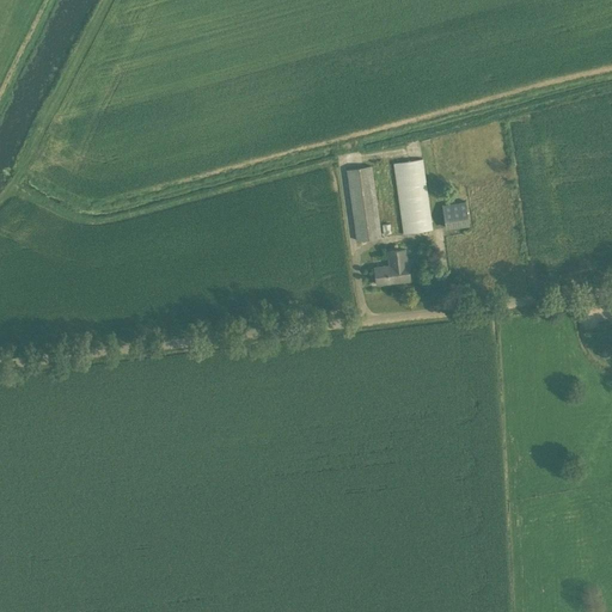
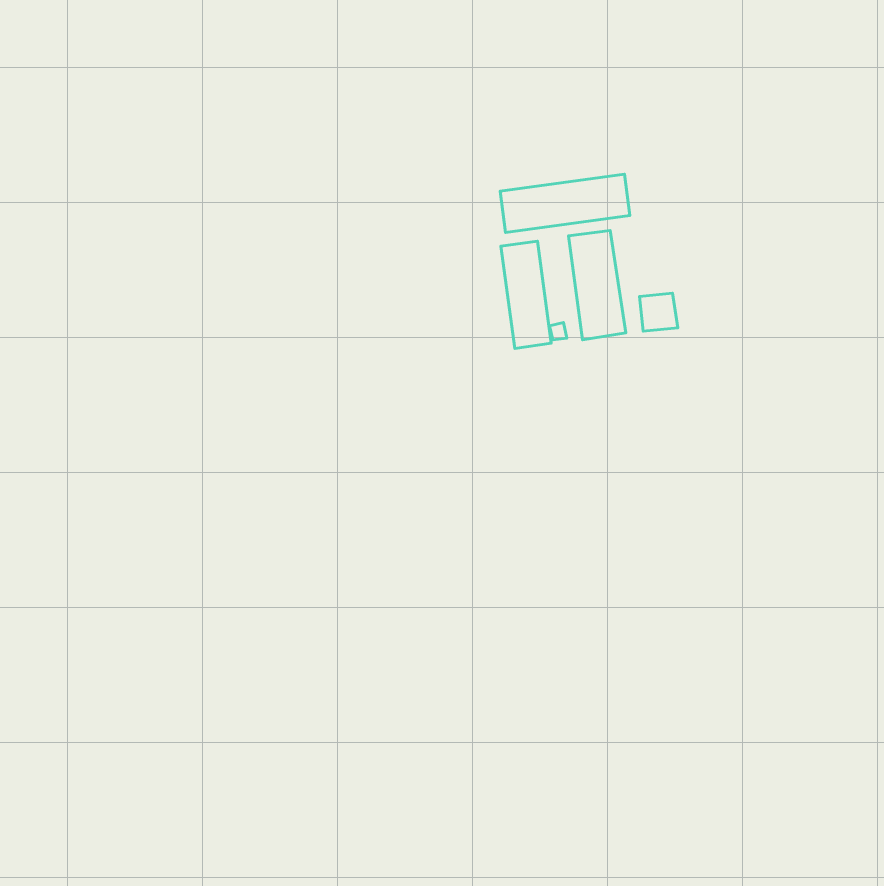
building: none -> [500,174,630,233]
building: [373,249,409,284] -> none

